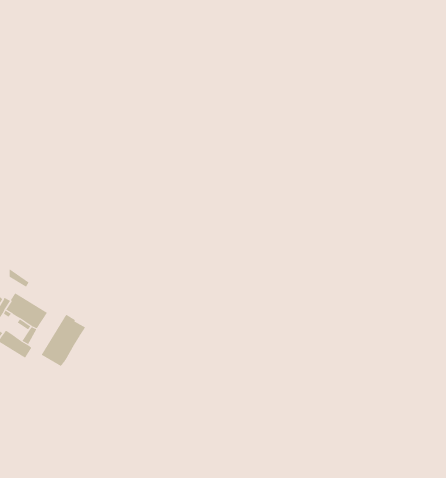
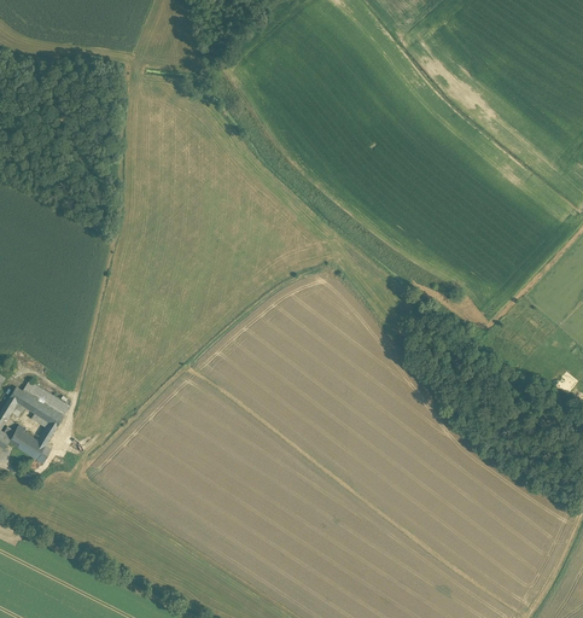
building: [41,314,86,367] -> none

